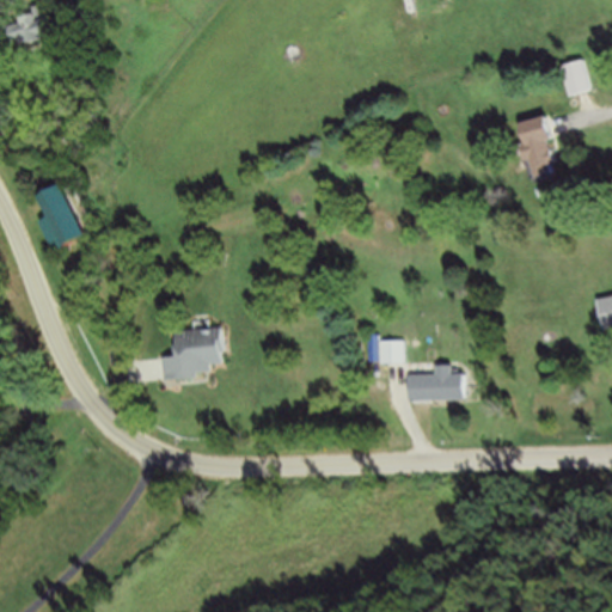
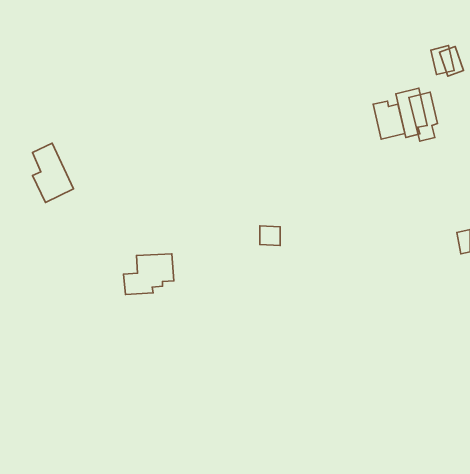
building: [12,7,55,45] -> none
building: none -> [373,101,405,139]
building: [371,338,397,363] -> [260,226,280,245]
building: [399,372,457,400] -> none

